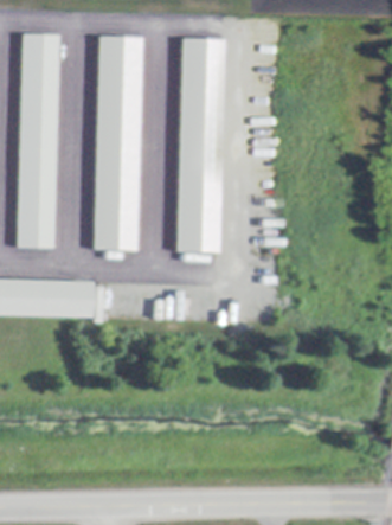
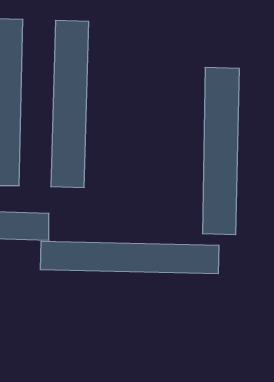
building: [174,37,221,250] -> [202,68,239,235]
building: none -> [41,241,219,274]

